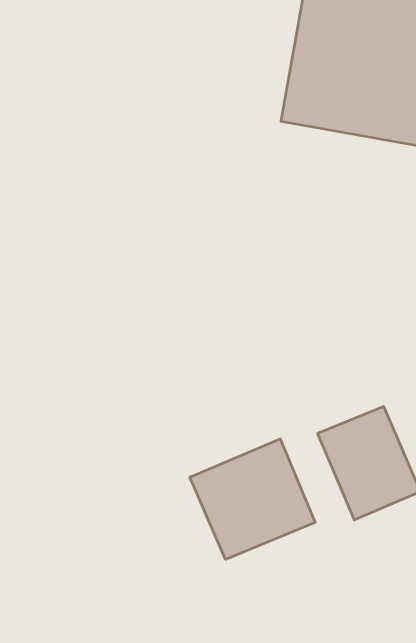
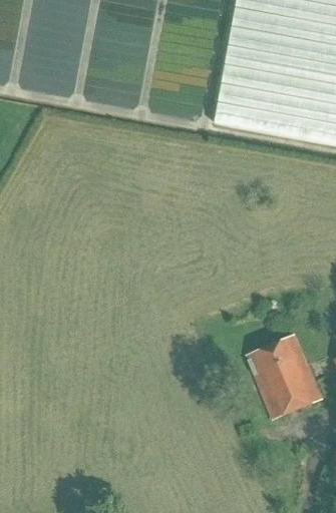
building: [190,439,315,559] -> none

